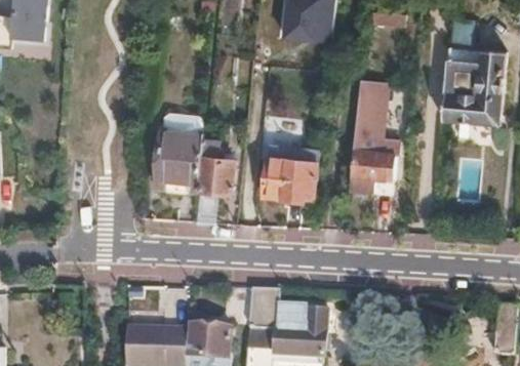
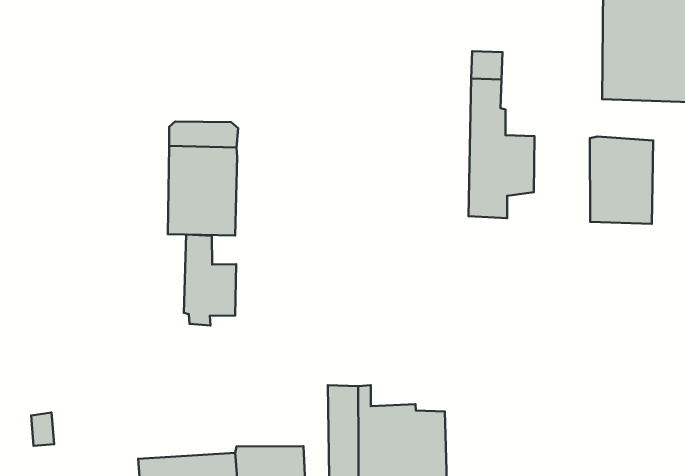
building: [199,137,235,197] -> [184,234,236,325]
building: none -> [590,137,653,224]
building: [264,147,318,200] -> none

